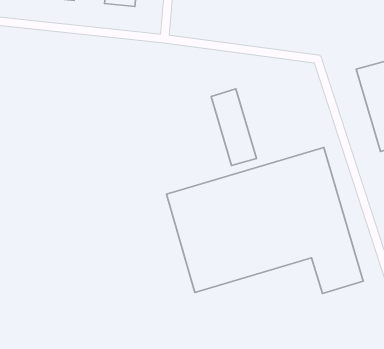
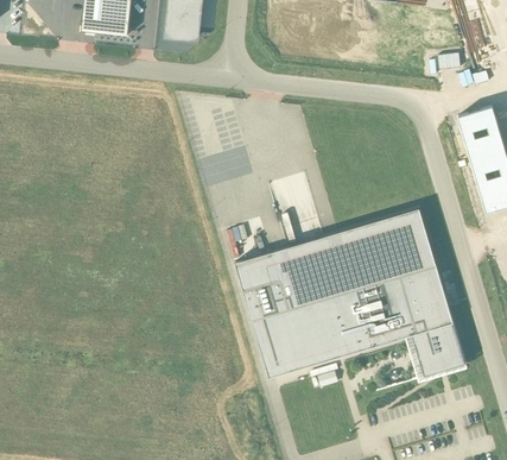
building: [211,89,256,165] -> none

